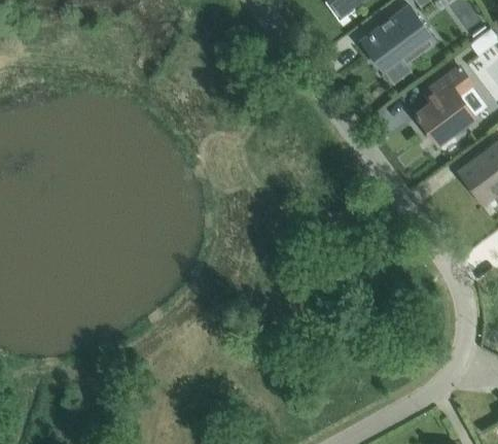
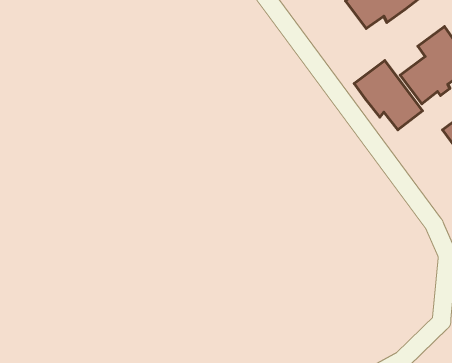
building: none -> [354,61,423,130]

